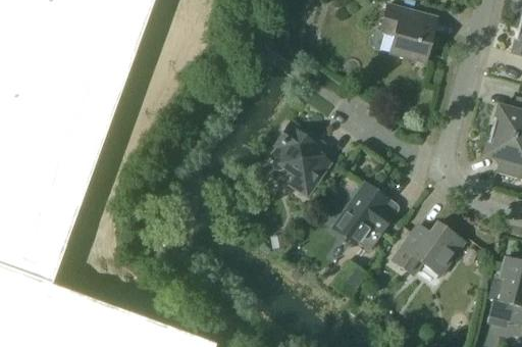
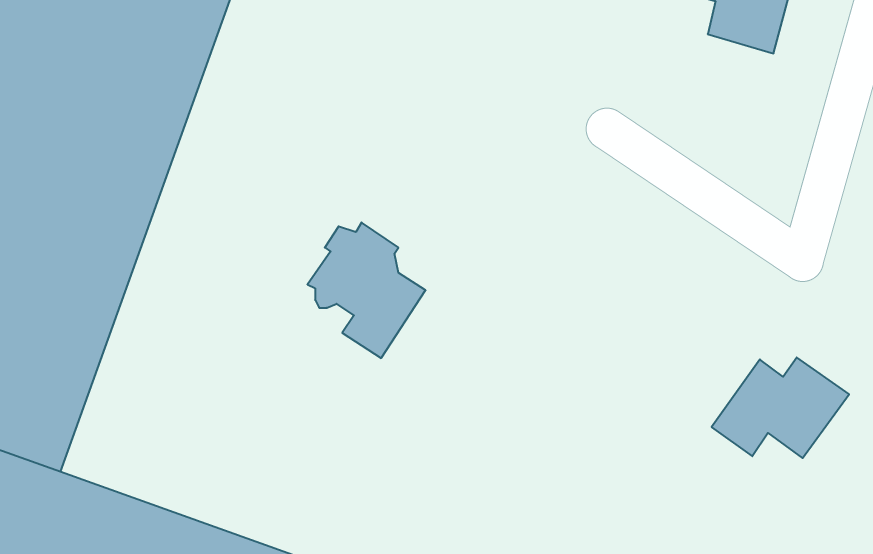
building: [268,127,330,198] -> [307,222,426,358]
building: [344,183,398,251] -> none

